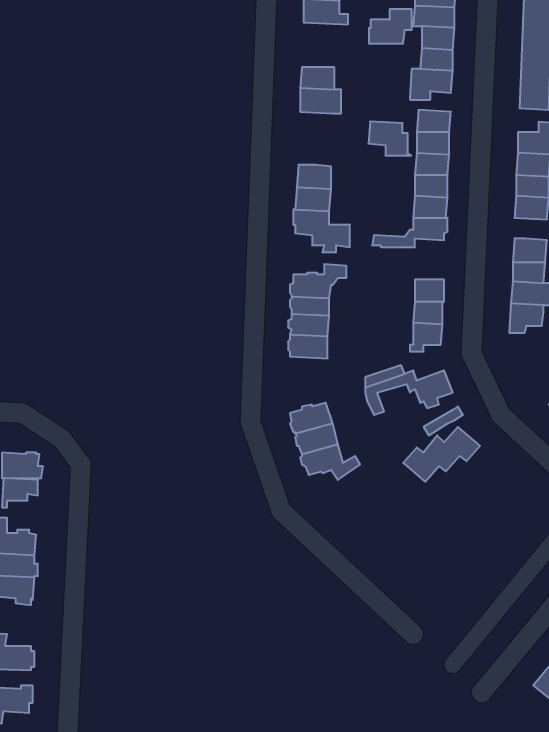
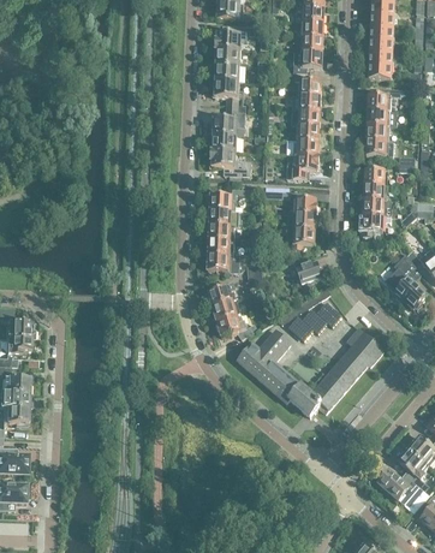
building: [369,9,412,44] -> [215,24,245,48]
building: [368,121,411,156] -> [214,79,244,103]
building: none -> [205,251,240,270]
building: none -> [238,325,383,418]

